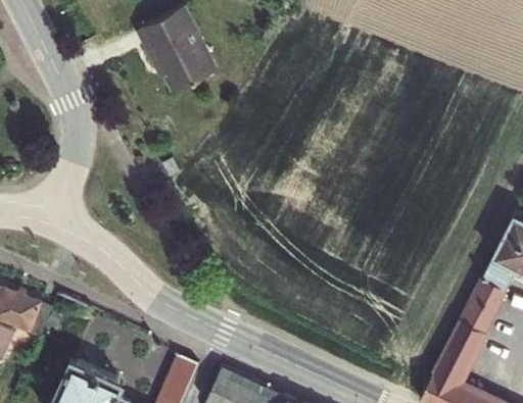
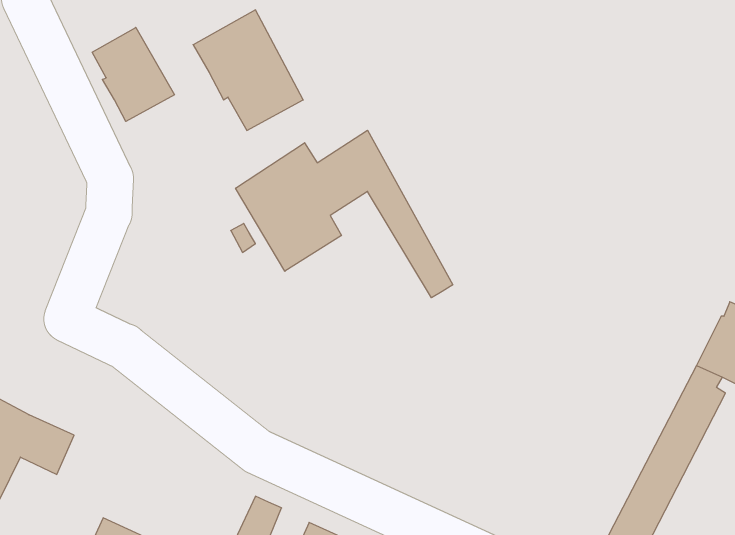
building: none -> [92,27,174,121]
building: none -> [236,130,453,298]

